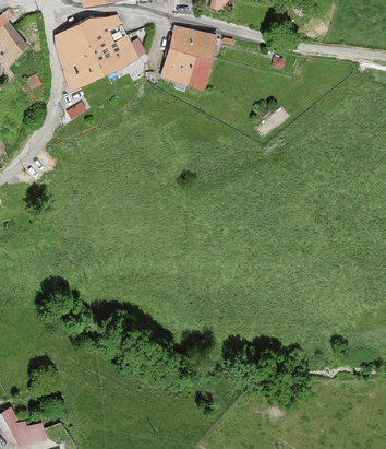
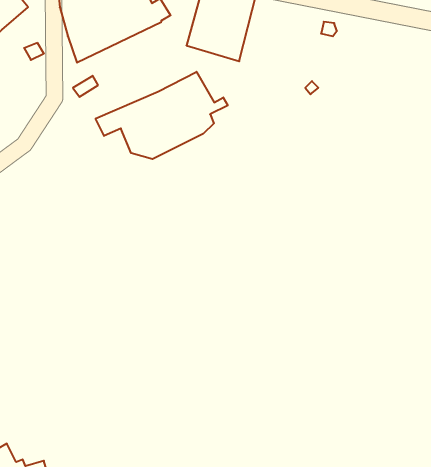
building: none -> [96,72,228,159]

